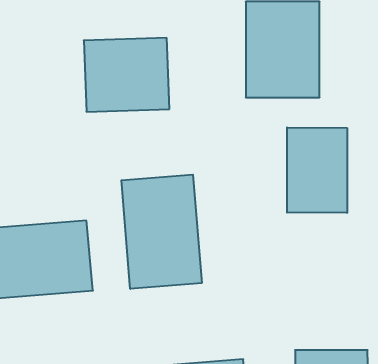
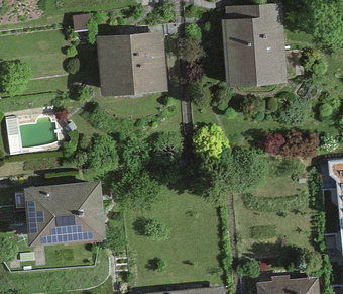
building: [287,127,347,213] -> none
building: [121,175,202,289] -> none

